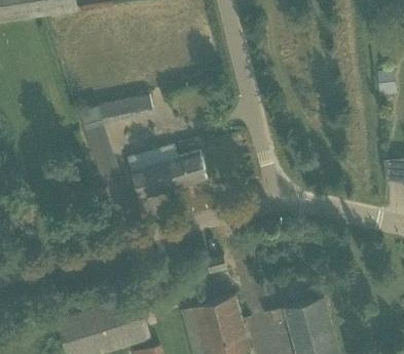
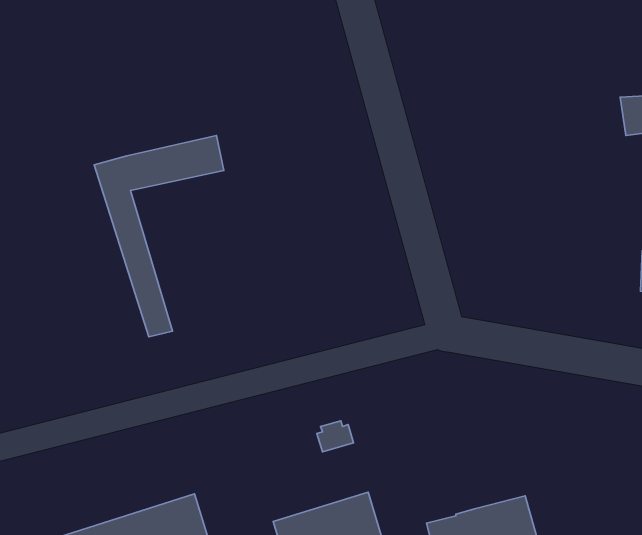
building: [126,145,207,199] -> none

